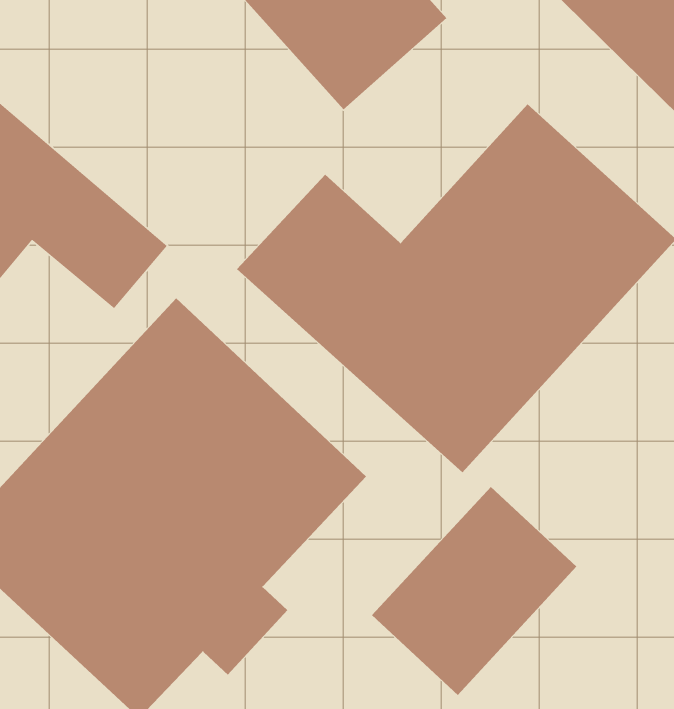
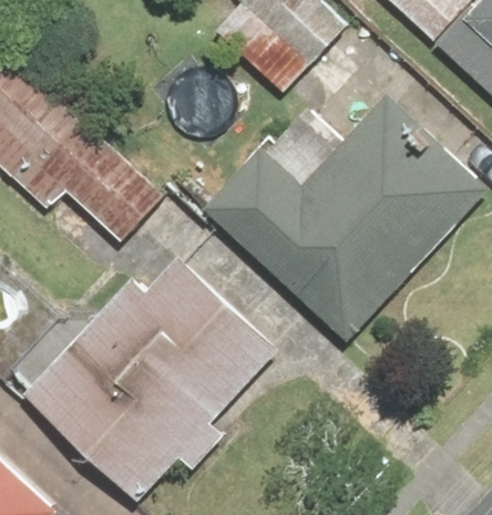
building: [371,486,577,696] -> none

